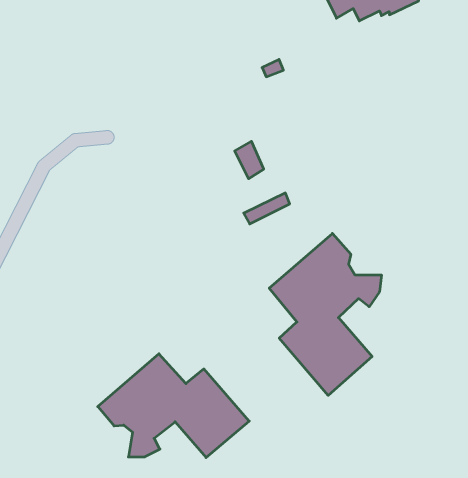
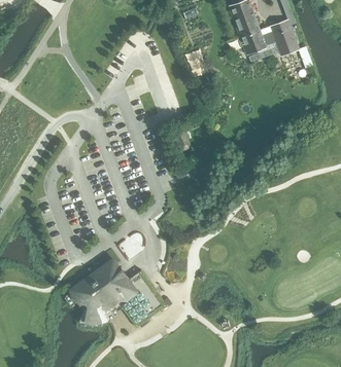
building: [269,233,381,395] -> none

